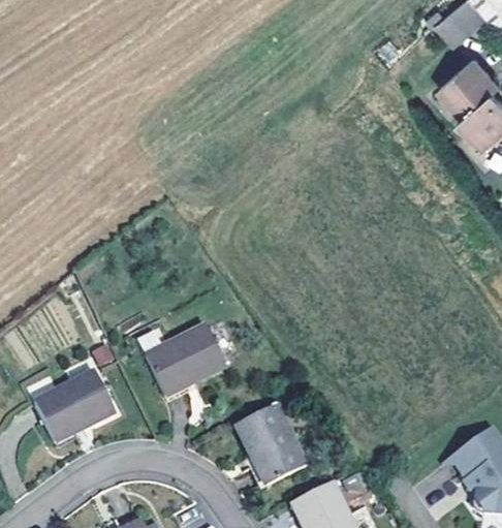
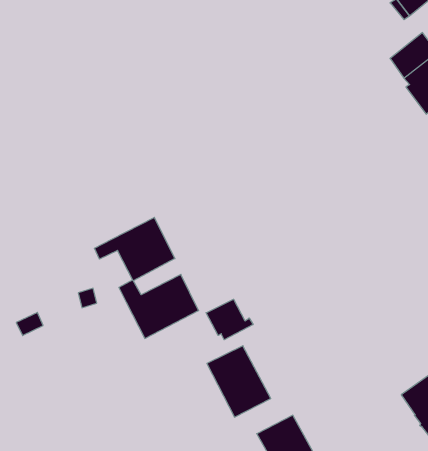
building: none -> [94,217,175,281]
building: none -> [206,299,253,340]
building: [34,371,115,441] -> none

